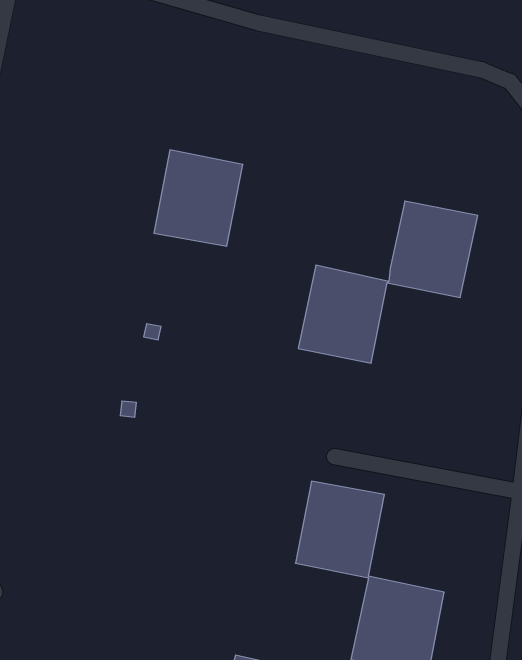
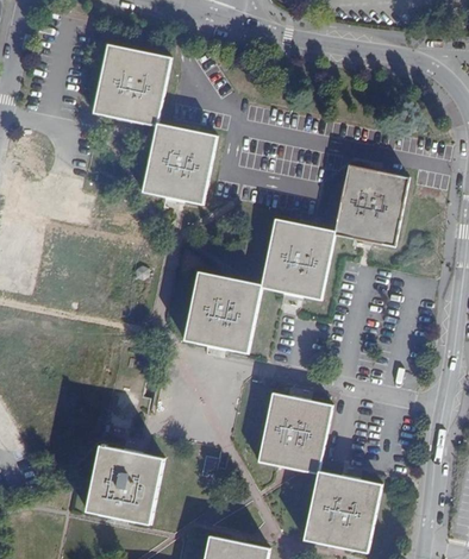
building: none -> [94,45,169,124]
building: none -> [185,272,261,352]
building: none -> [87,445,162,523]

